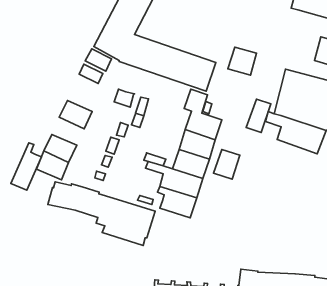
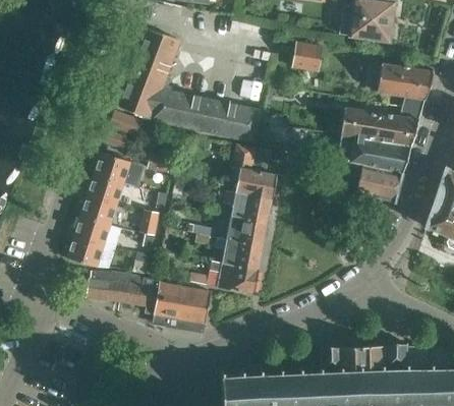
building: [228,47,257,75] -> [292,42,324,72]
building: none -> [95,152,132,183]
building: [246,99,271,132] -> none
building: none -> [81,194,118,225]
building: [11,143,41,190] -> none
building: [213,150,240,179] -> none

